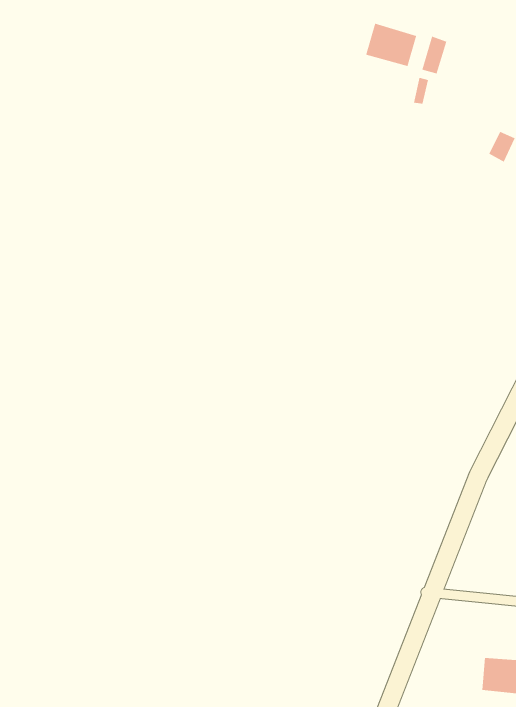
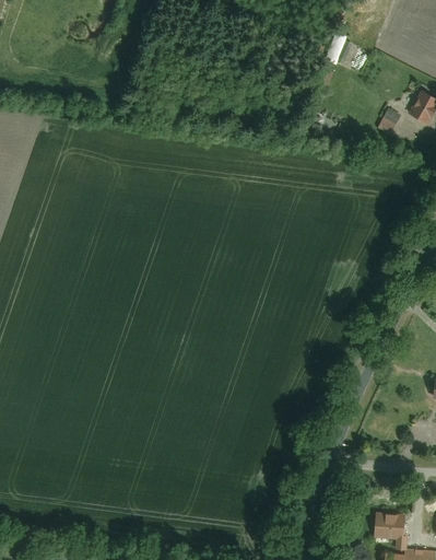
building: [365,23,417,67] -> none

